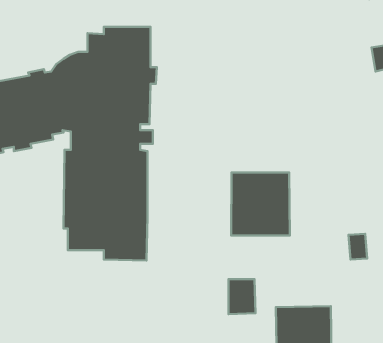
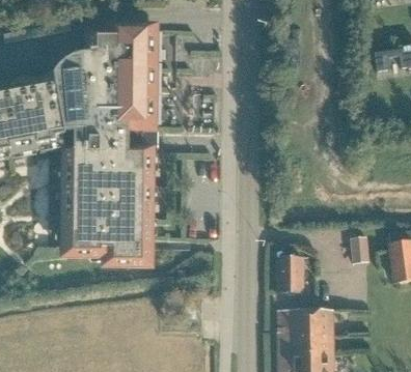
building: [231,172,290,235] -> none
building: [228,279,255,314] -> [277,258,304,293]

